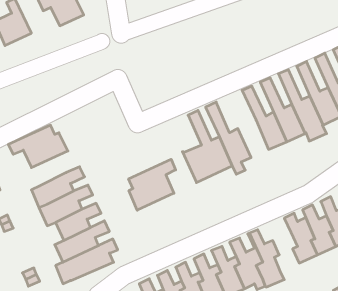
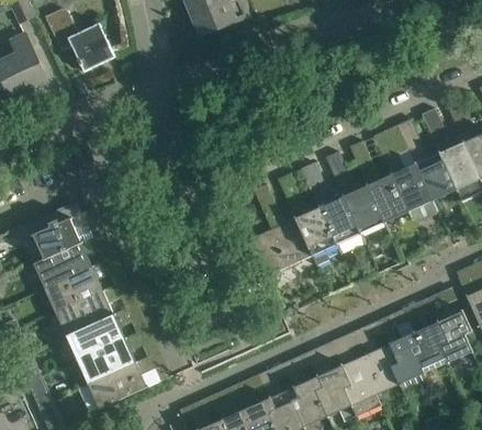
building: none -> [300,162,359,246]
building: none -> [34,207,110,288]
building: [129,159,176,210] -> none
building: none -> [356,330,400,396]

